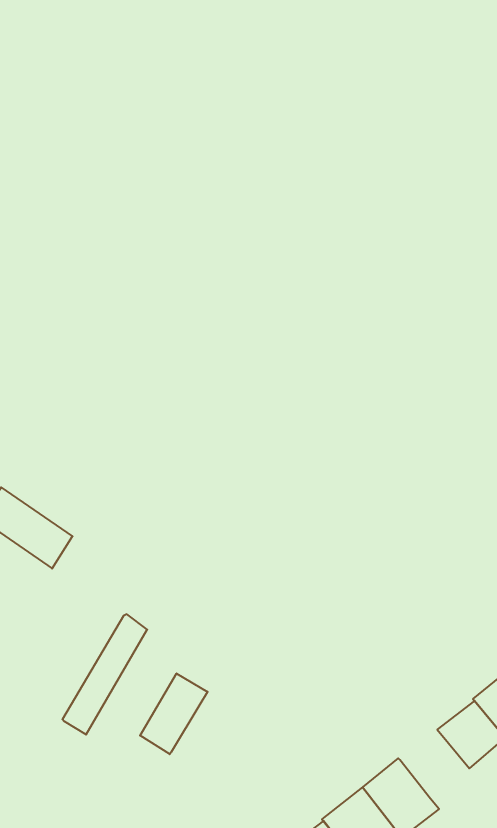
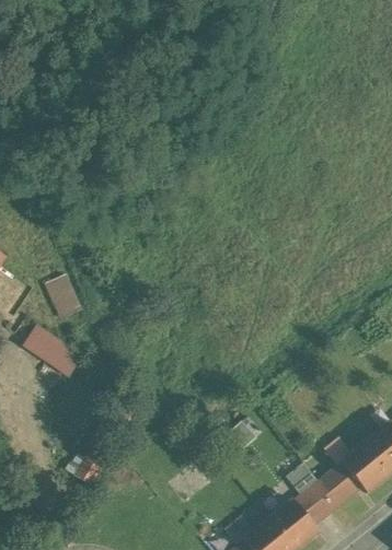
building: none -> [45,271,81,316]
building: [140,673,208,754] -> none
building: none -> [291,481,336,526]

